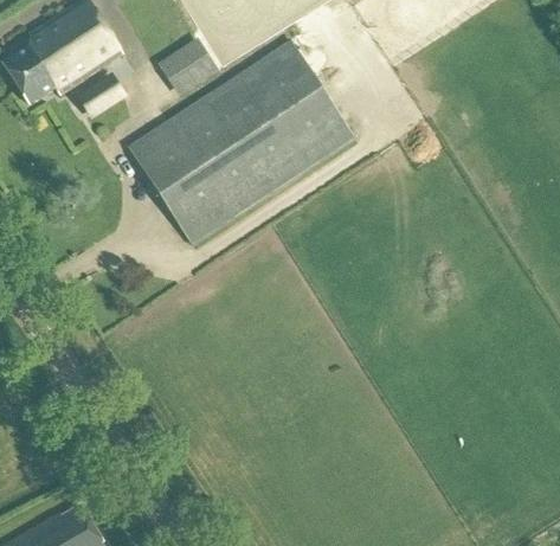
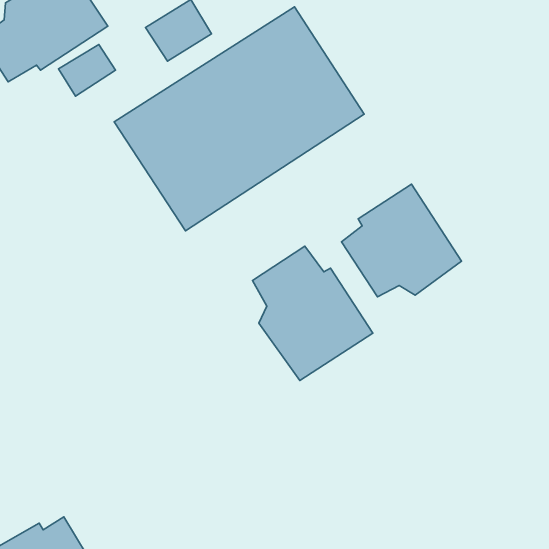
building: none -> [341,184,462,297]
building: none -> [252,246,373,380]

